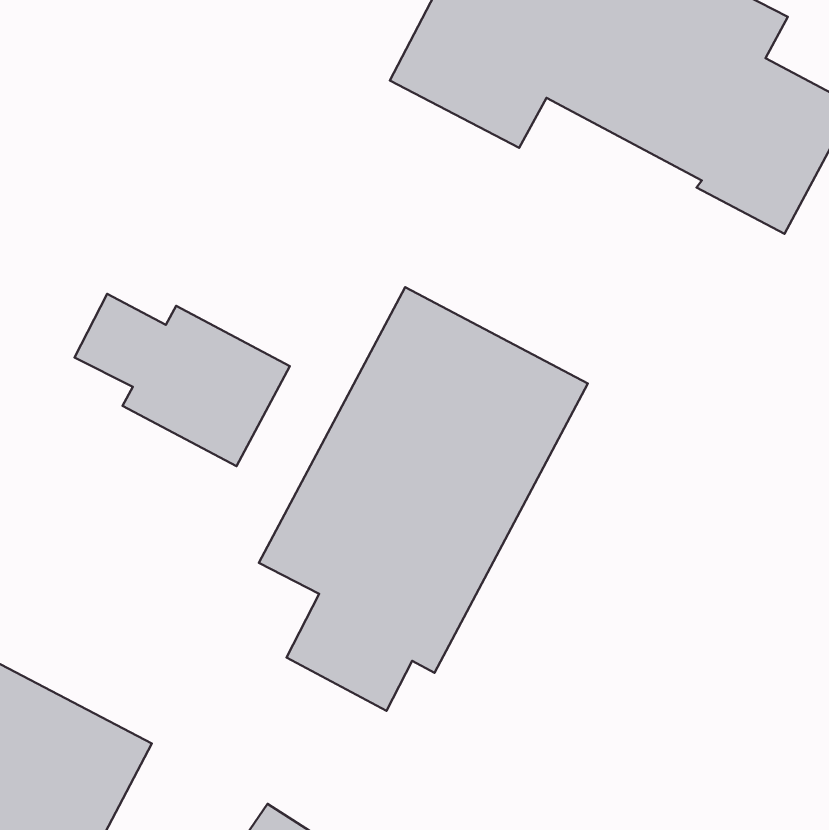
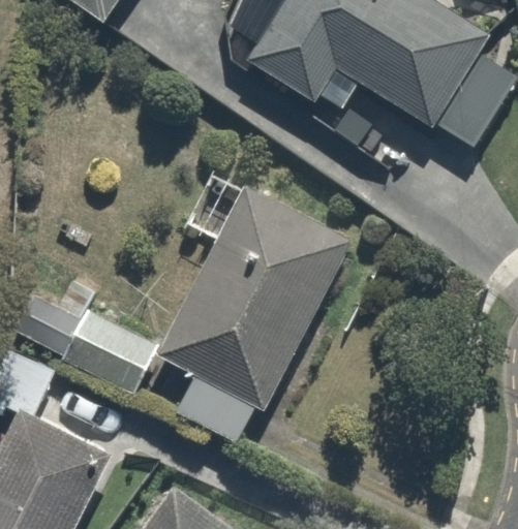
building: [74,294,290,466] -> [20,298,149,401]

